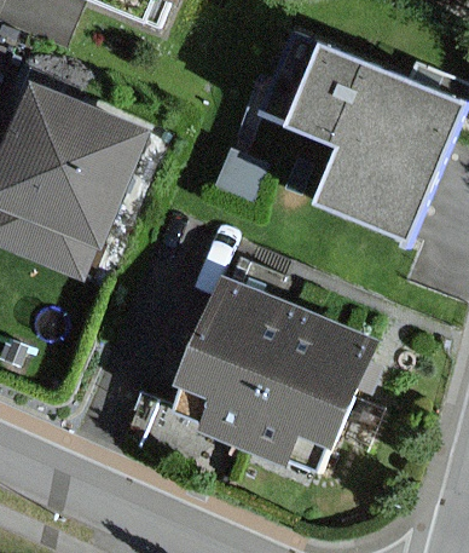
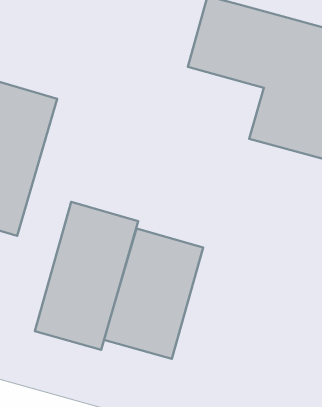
building: none -> [35,202,138,350]
building: [236,319,366,479] -> none

